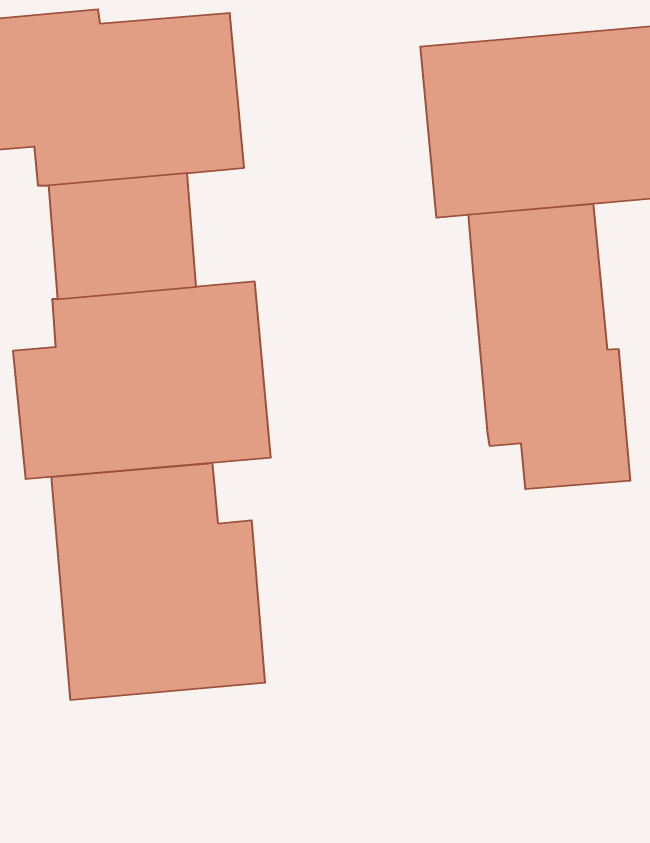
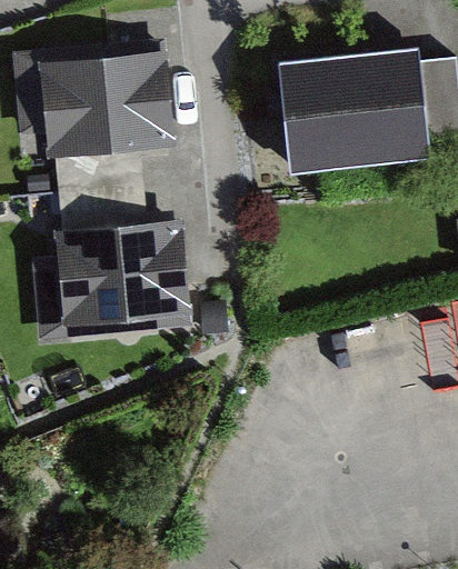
building: [468,204,630,489] -> none
building: [51,463,265,700] -> none

